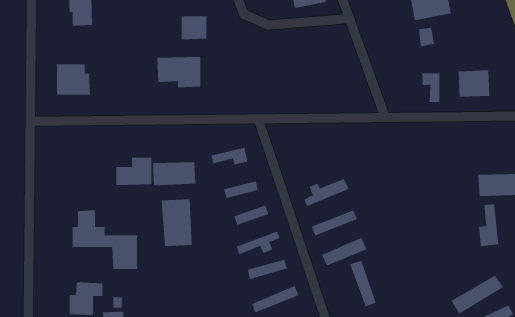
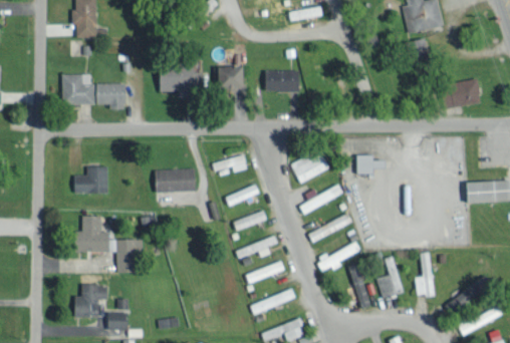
building: [181,16,207,40] -> [220,68,245,91]
building: none -> [264,71,300,93]
building: [422,72,440,103] -> none
building: none -> [96,84,126,110]
building: none -> [291,151,329,182]
building: none -> [357,154,387,174]
building: [116,157,152,185] -> [72,166,107,194]
building: [161,198,192,247] -> none
building: [478,204,499,247] -> [414,256,434,297]
building: none -> [375,256,402,298]

